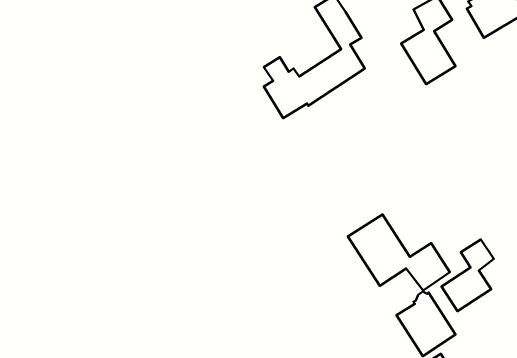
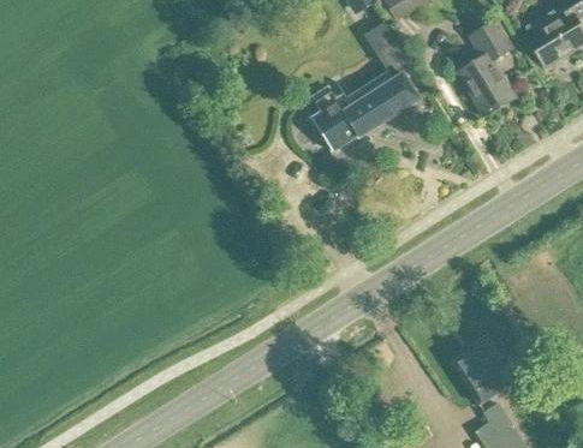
building: [348,214,450,291] -> none
building: [441,239,494,311] -> none

